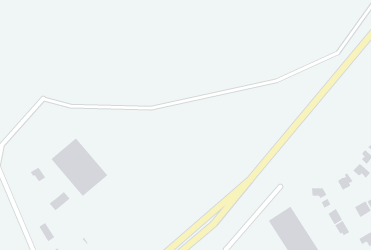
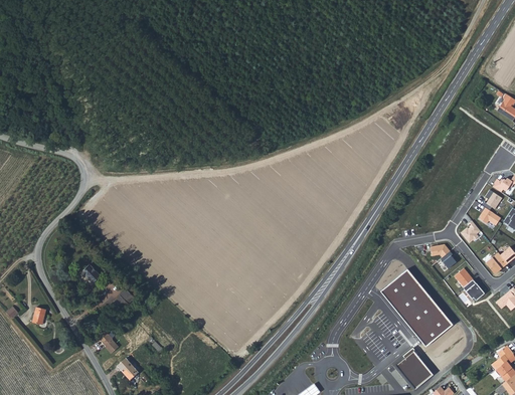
building: [51,137,108,197] -> none

